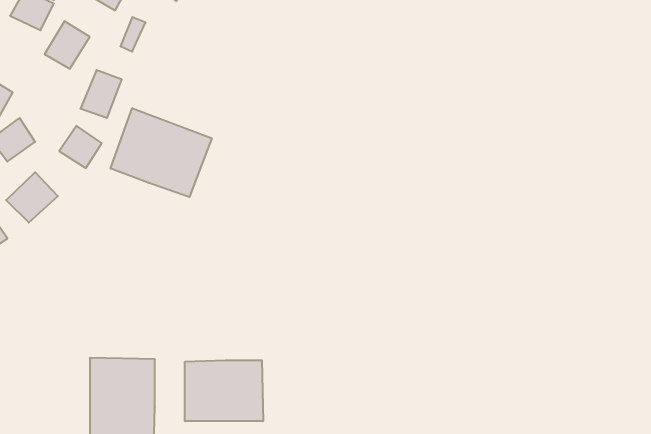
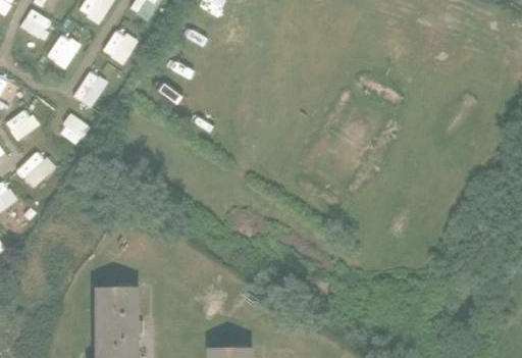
building: [111,108,212,197] -> none
building: [185,360,263,421] -> none

